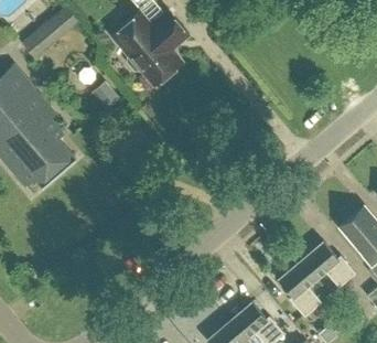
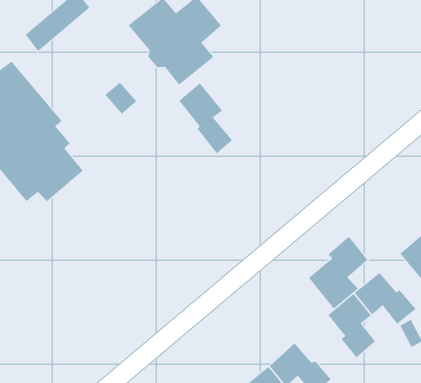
building: none -> [179,82,233,154]
building: none -> [308,236,368,310]

